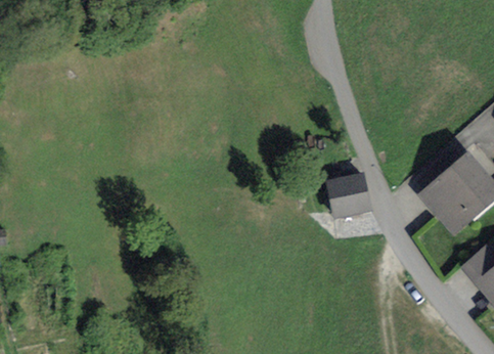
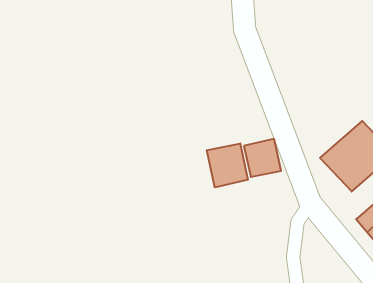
building: none -> [207,143,248,187]

